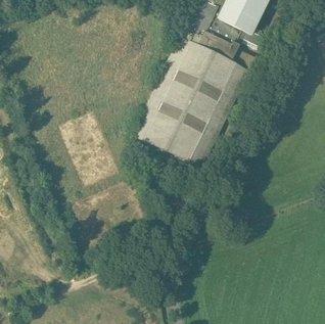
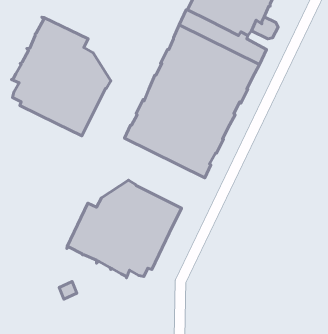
building: none -> [12,17,111,136]
building: none -> [67,180,181,278]

